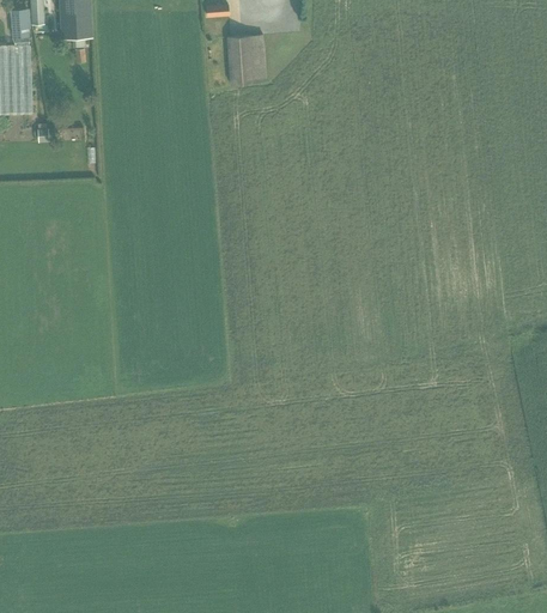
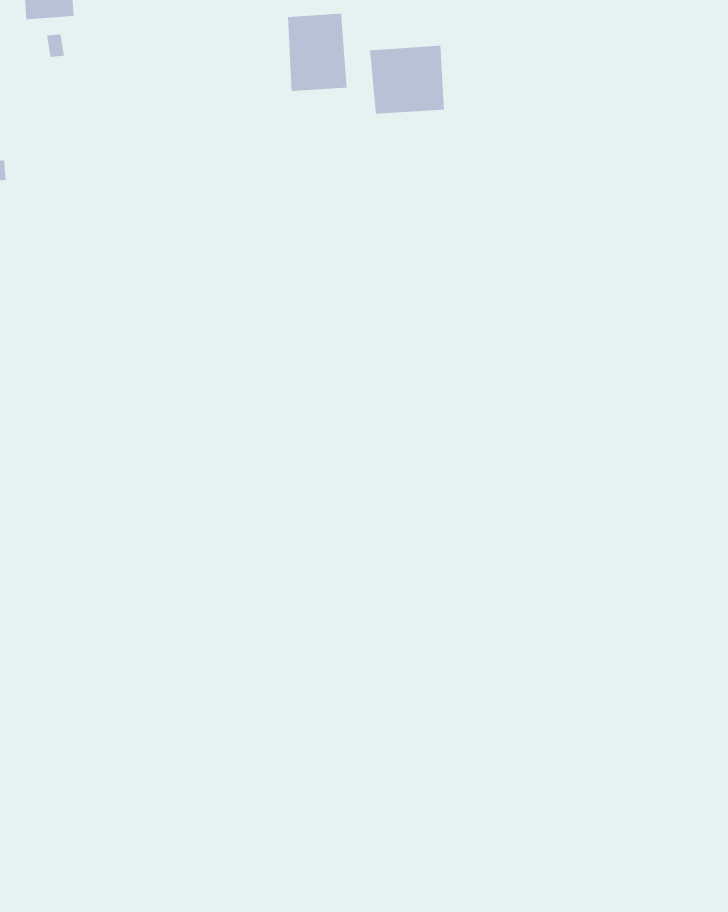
building: none -> [369,45,445,115]

